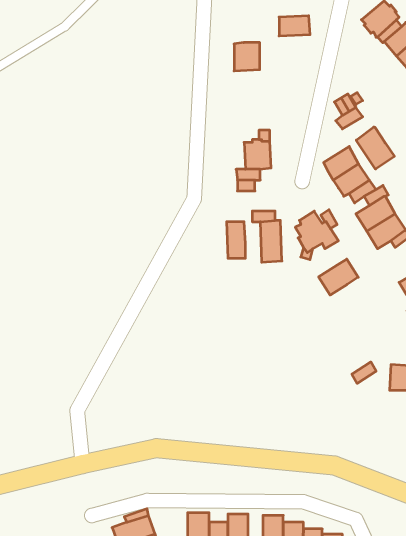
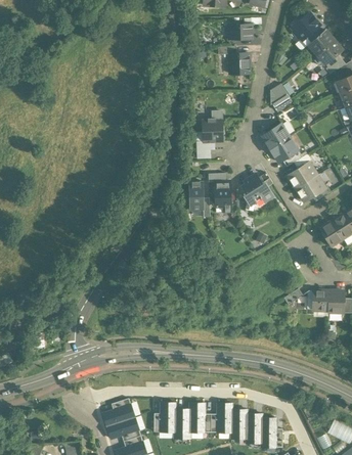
building: [234,43,260,71] -> [229,53,249,75]
building: [356,127,394,169] -> none
building: [319,259,358,295] -> none

